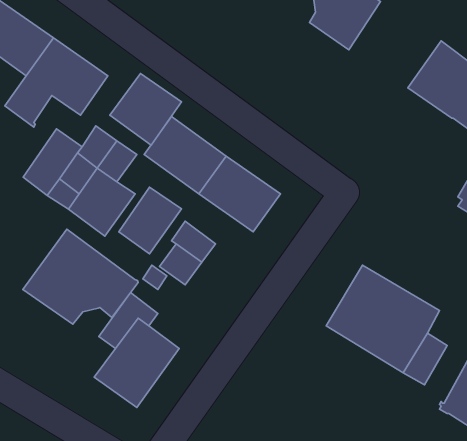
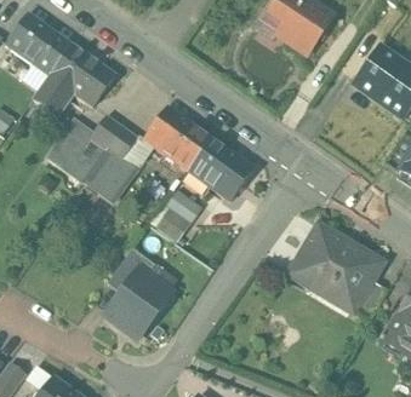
building: [110,73,182,145] -> none
building: [119,187,181,254] -> none
building: [23,229,138,324] -> none

